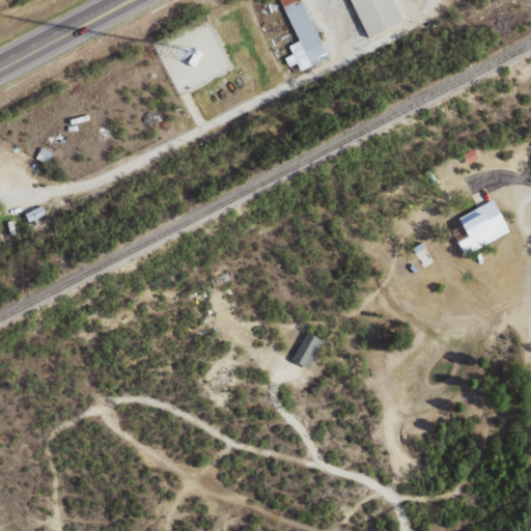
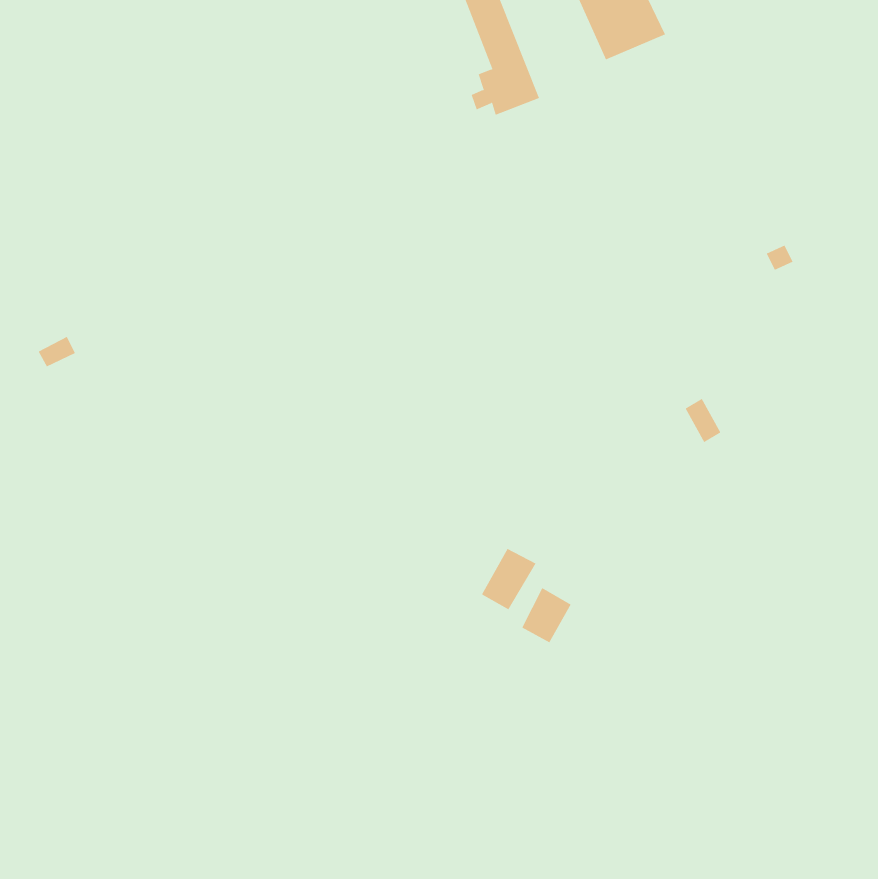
building: [456,198,510,254] -> none
building: none -> [521,587,571,643]

